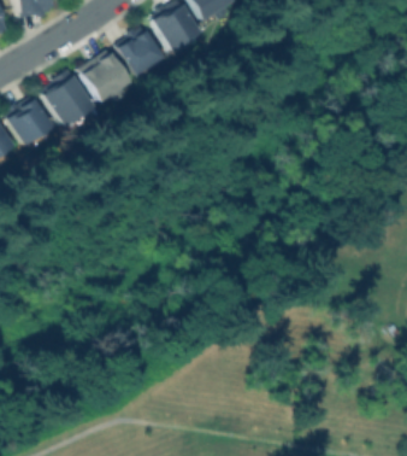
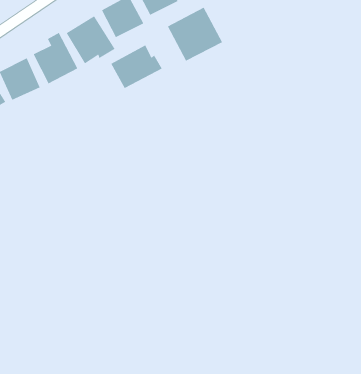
building: none -> [167,7,223,62]
building: none -> [111,44,162,89]

